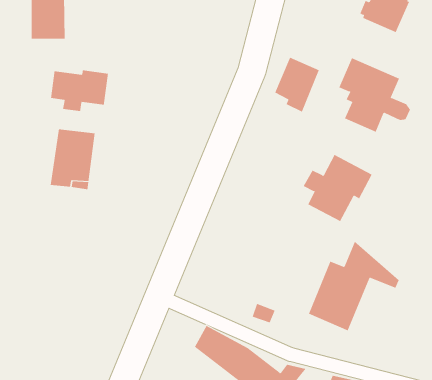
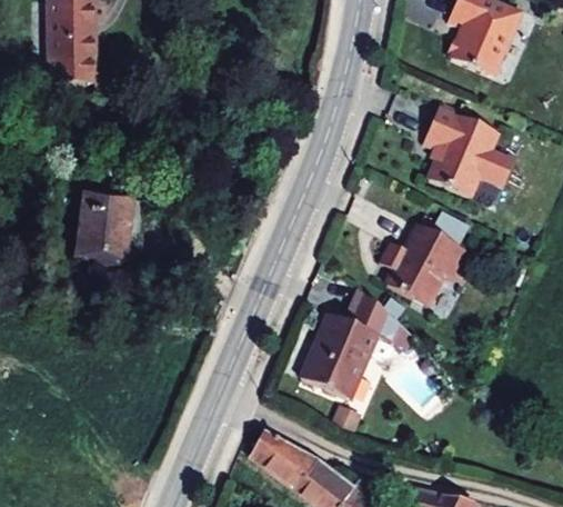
building: [274,57,320,112] -> none
building: [51,70,109,112] -> none
building: [308,241,399,331] -> [302,285,413,395]

